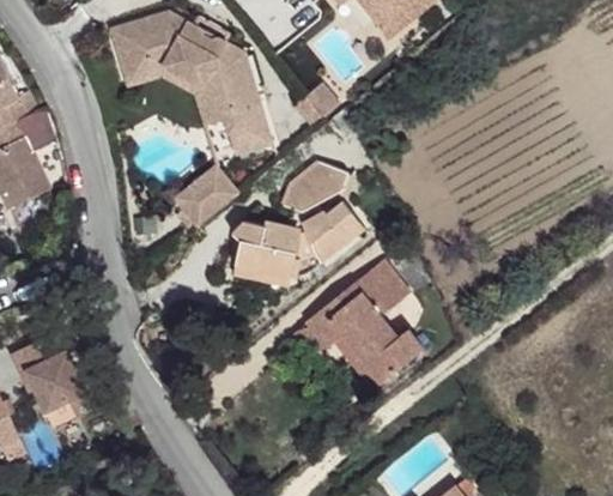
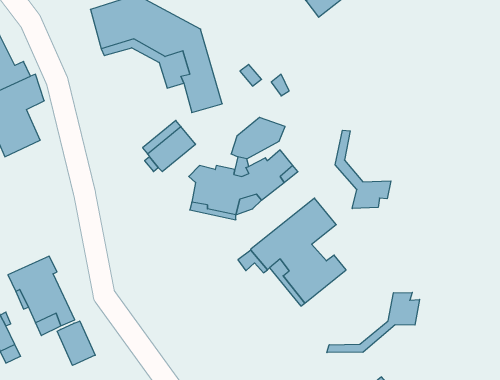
building: none -> [335,130,391,209]
building: none -> [327,292,420,353]
building: none -> [57,321,95,365]

